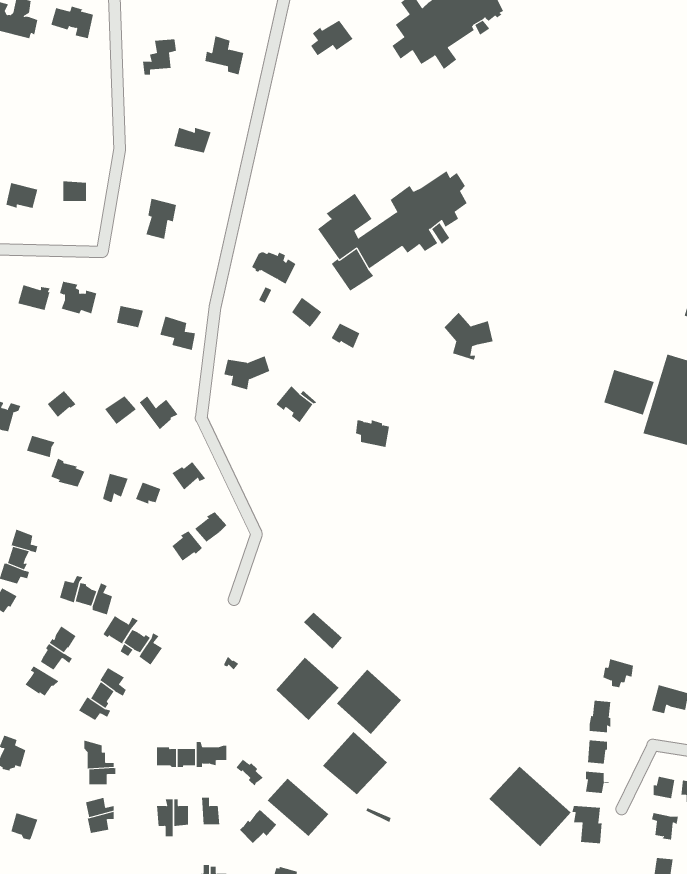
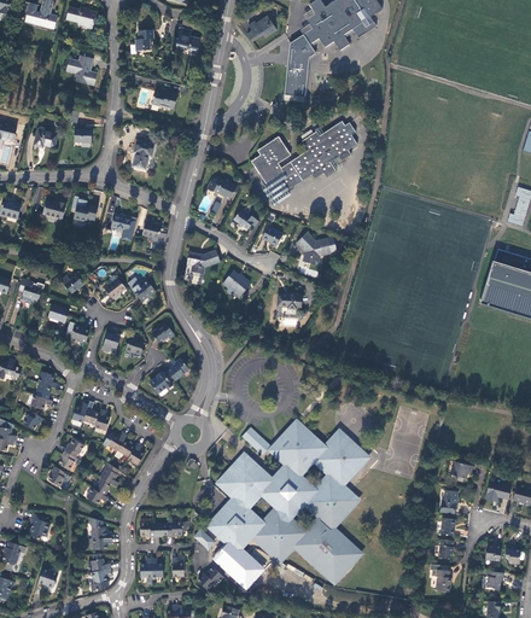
building: none -> [282,34,315,97]
building: none -> [65,56,97,86]
building: [443,312,494,360] -> [296,232,331,266]
building: [604,369,654,416] -> none
building: none -> [274,426,320,472]
building: none -> [316,436,362,482]
building: none -> [308,478,352,524]
building: none -> [209,502,257,548]
building: [488,766,571,847] -> [298,521,356,578]

